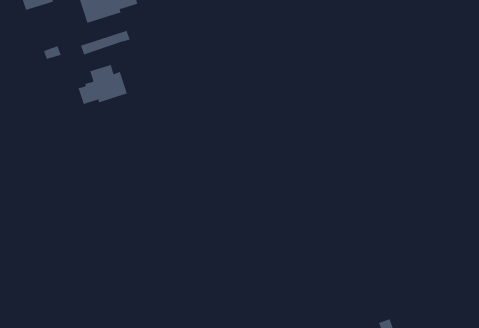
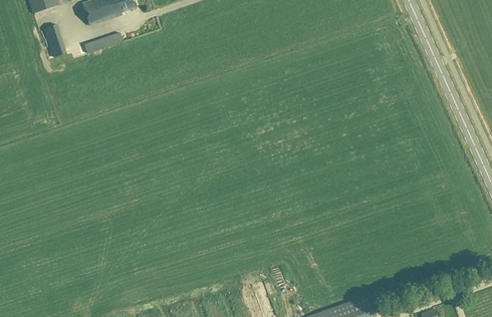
building: [78,64,127,105] -> none

